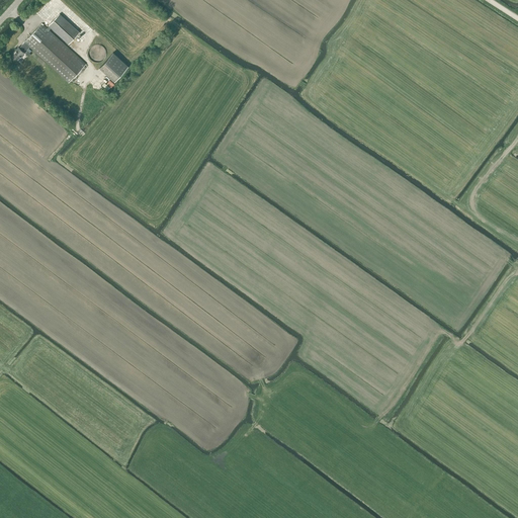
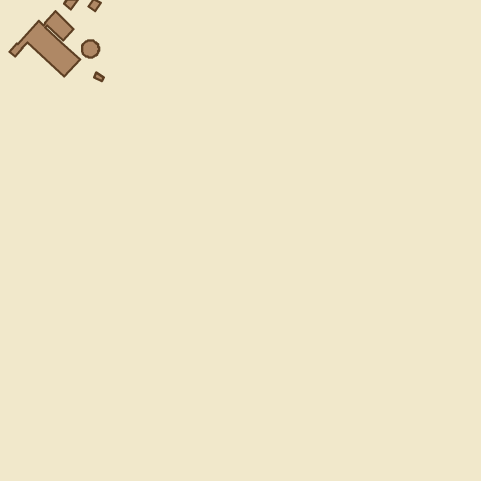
building: [100,52,128,81] -> none

